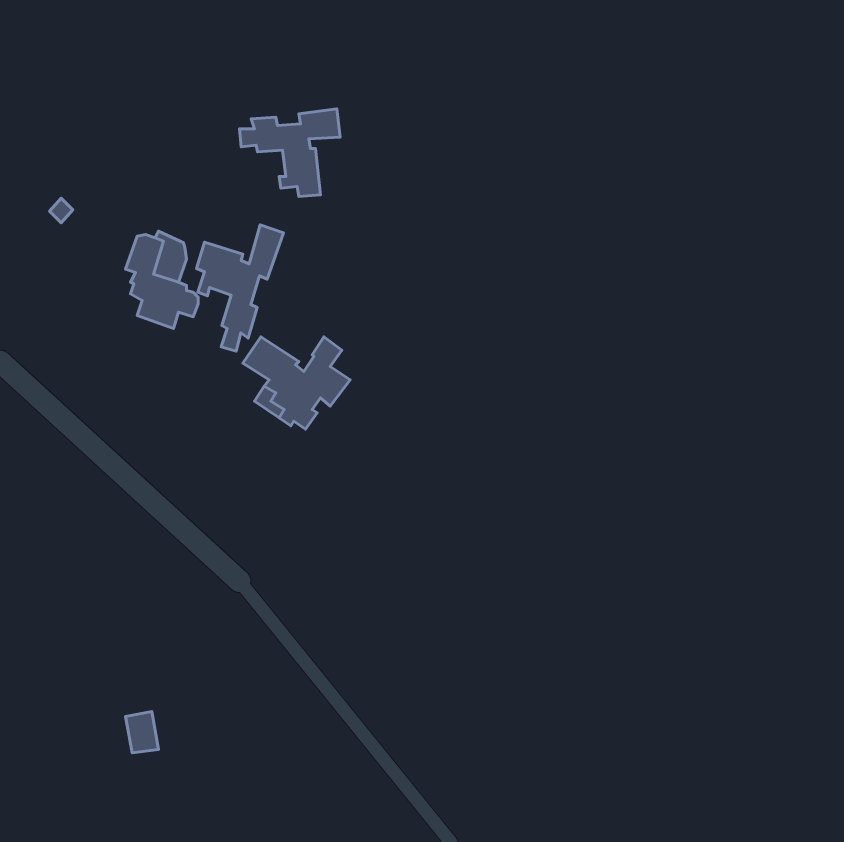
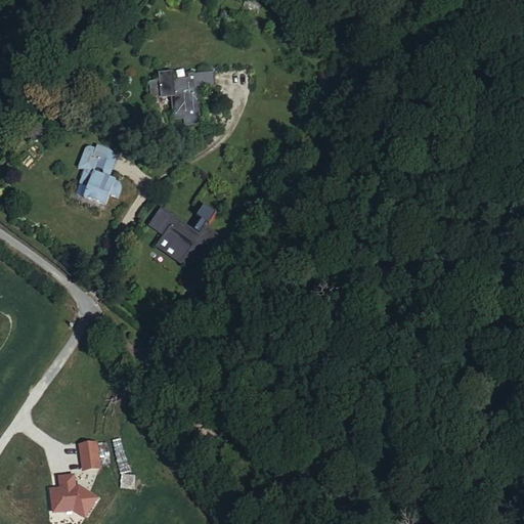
building: [197,225,283,351] -> none
building: none -> [50,473,97,514]

